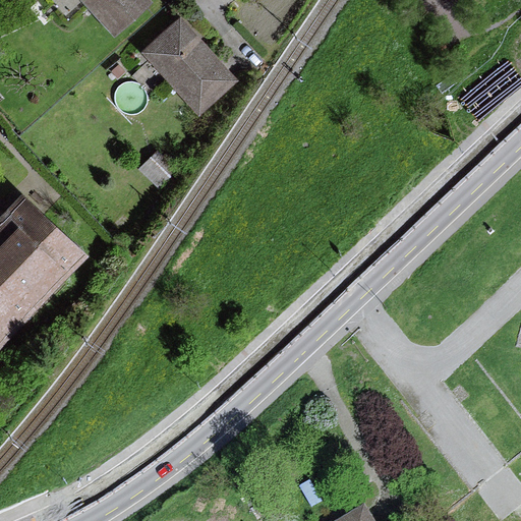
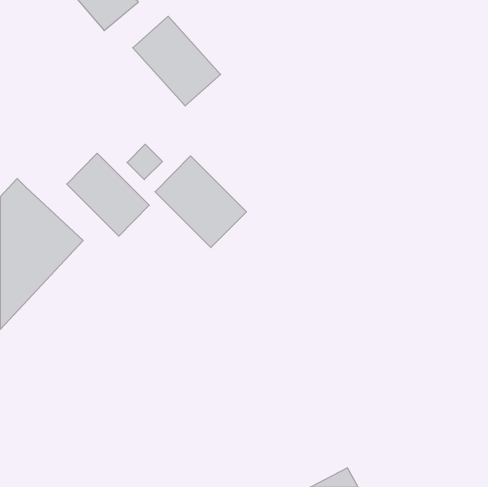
building: none -> [67,153,149,236]
building: none -> [155,156,246,248]

